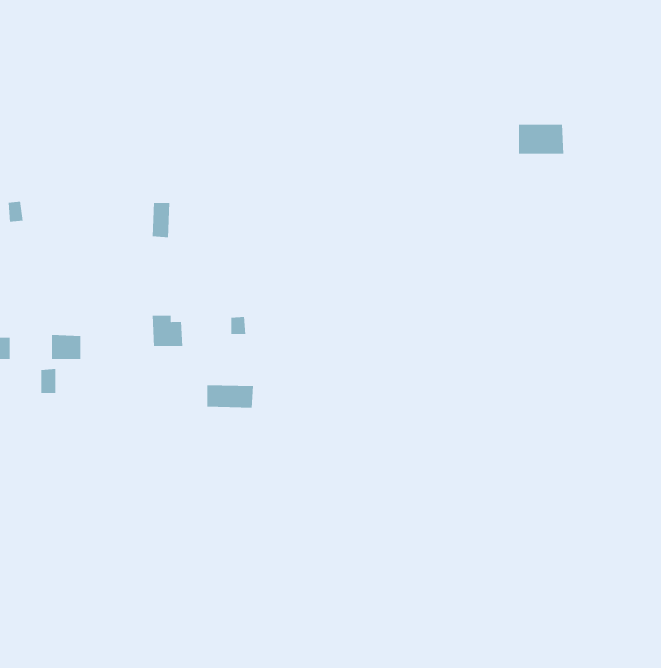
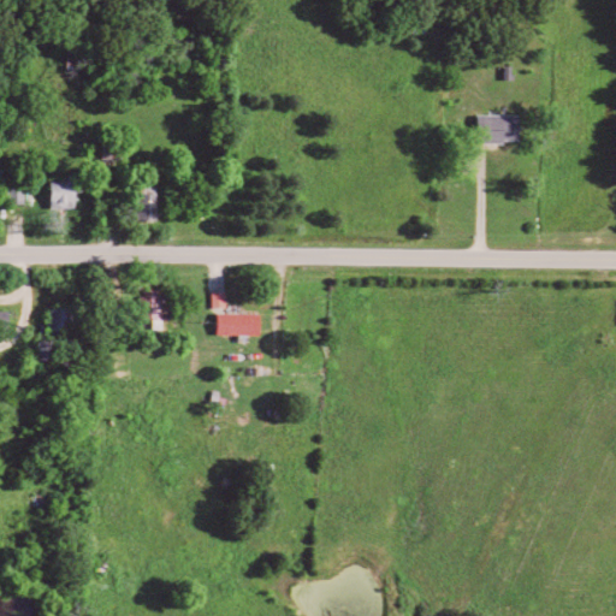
building: none -> [51,180,76,208]
building: [207,385,254,408] -> [218,314,261,336]

